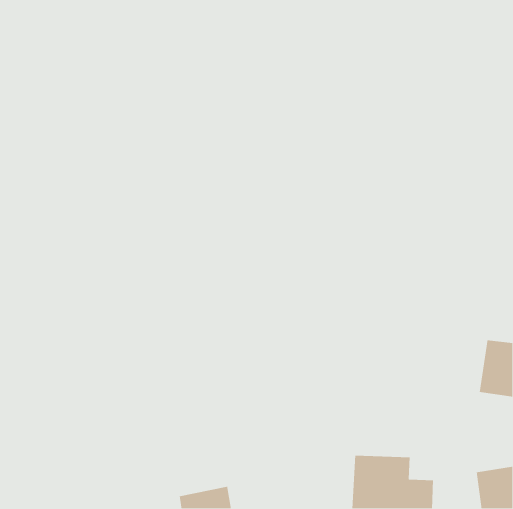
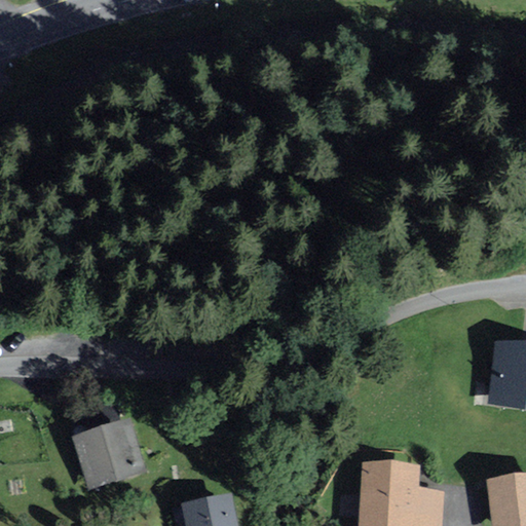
building: none -> [73,422,147,488]

